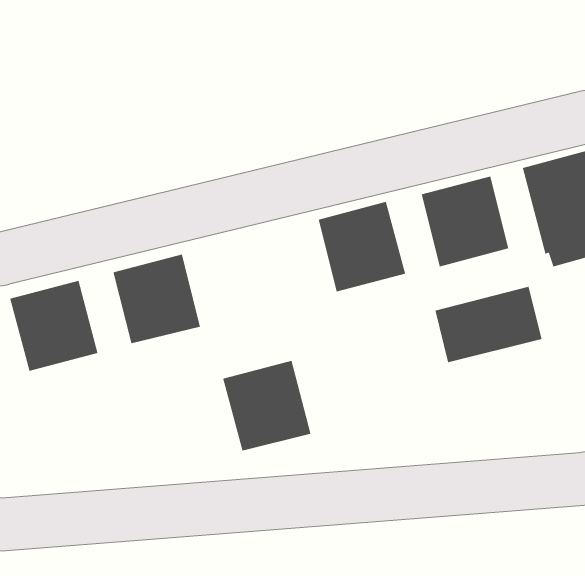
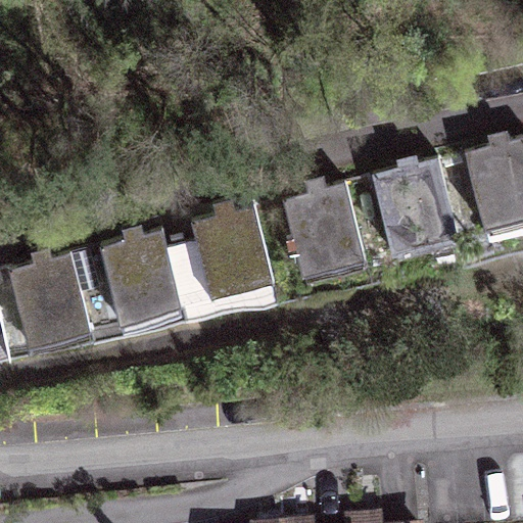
building: [435,286,542,363] -> none
building: [222,360,312,451] -> [192,211,272,293]

